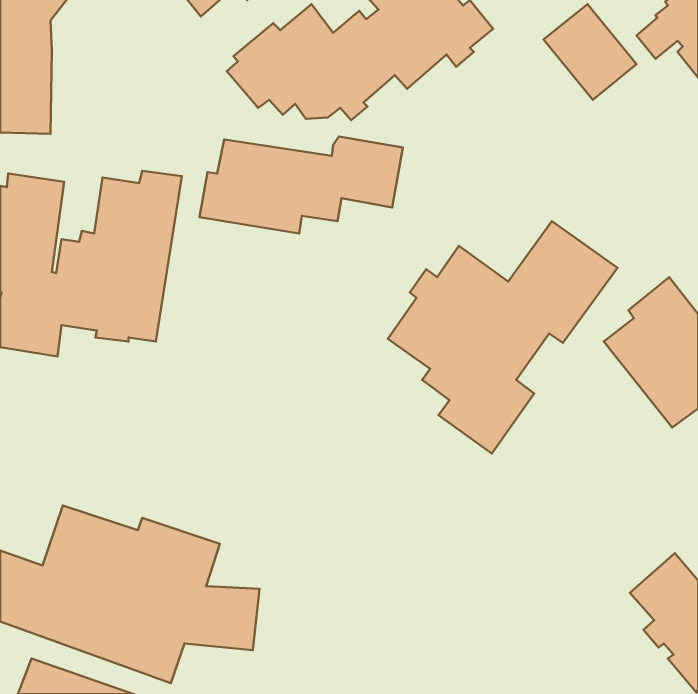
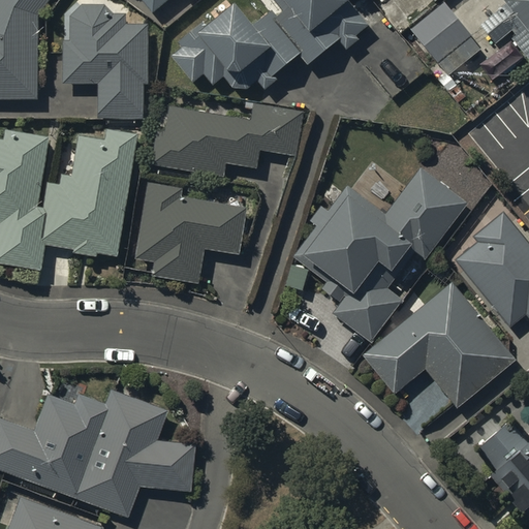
building: none -> [62,4,149,119]
building: none -> [139,182,247,283]
building: none -> [365,287,517,412]

